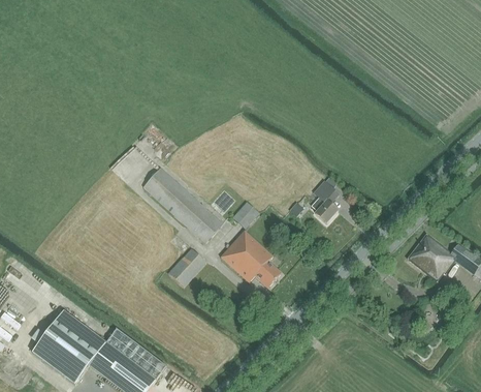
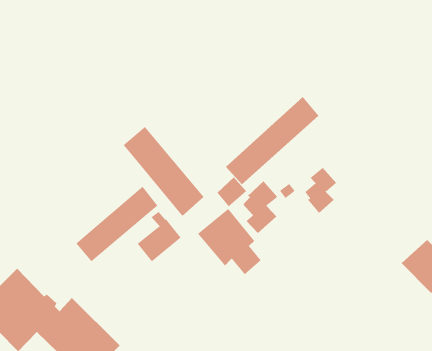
building: none -> [225,96,319,185]
building: none -> [242,181,278,234]
building: none -> [76,186,158,262]

